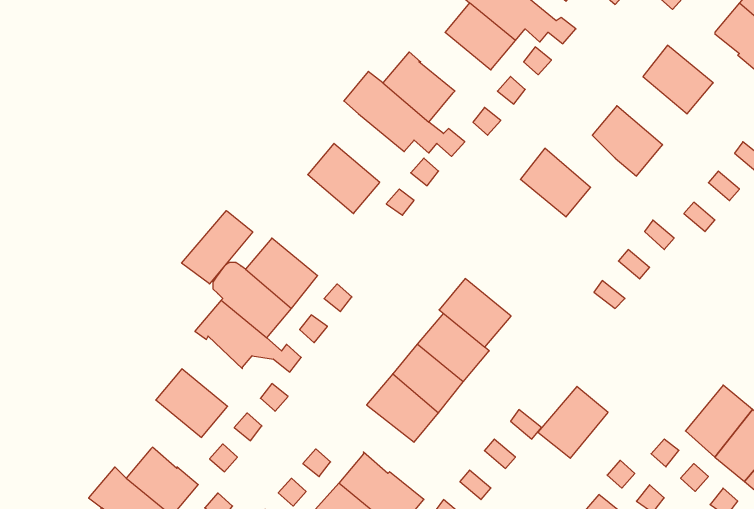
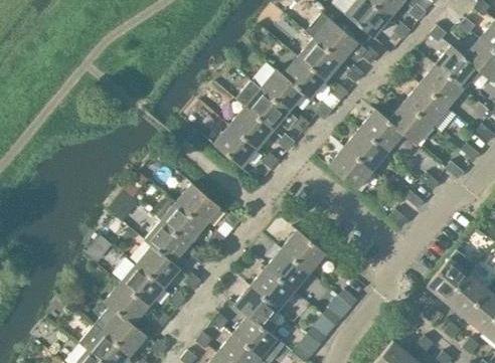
building: none -> [436,45,480,87]
building: none -> [283,56,327,100]
building: none -> [404,83,448,126]
building: none -> [230,107,274,149]
building: none -> [360,109,403,152]
building: [182,211,253,284] -> none
building: [439,279,511,347] -> [329,147,373,189]
building: none -> [137,243,181,287]
building: [538,386,608,458] -> [427,257,470,302]
building: none -> [105,283,149,325]
building: none -> [234,286,280,328]

